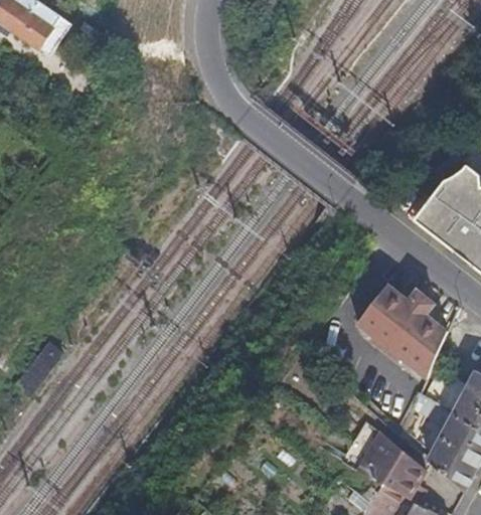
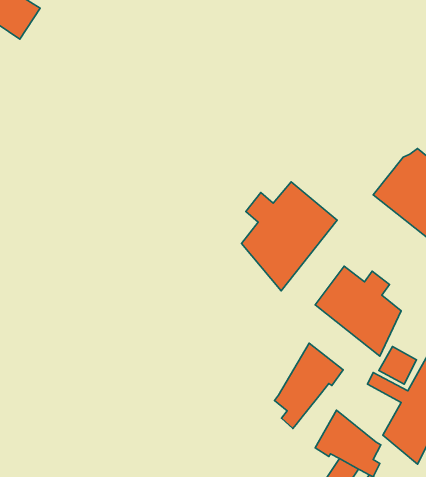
building: none -> [241,182,337,291]
building: none -> [275,343,343,428]

